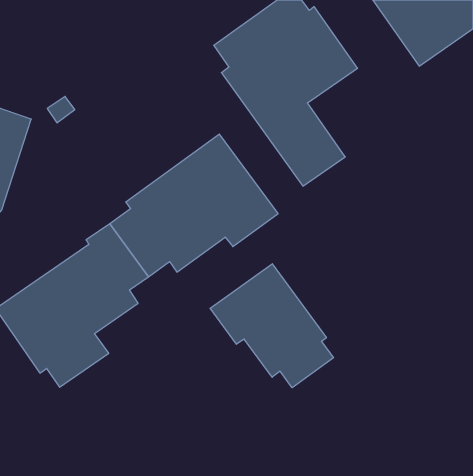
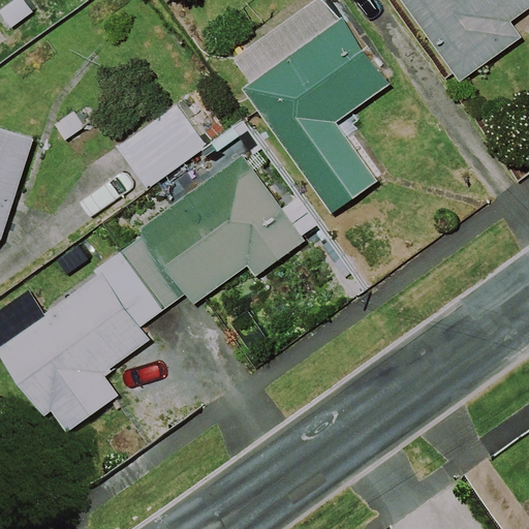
building: none -> [115,105,205,189]
building: [210,264,333,388] -> none

